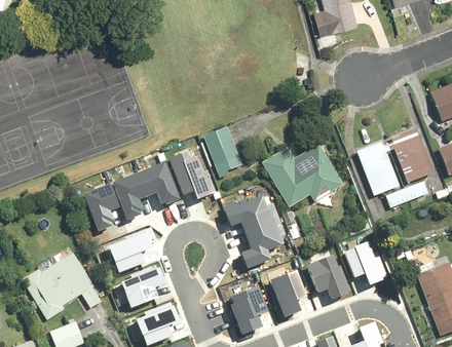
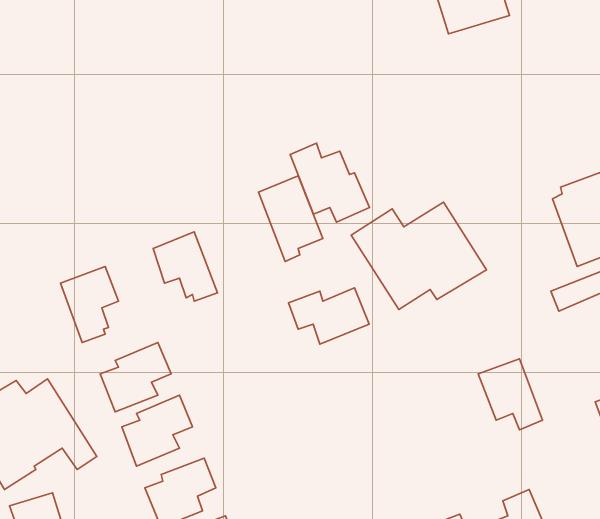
building: [353,140,403,195] -> none
building: [166,151,216,200] -> [290,143,369,222]
building: [110,171,146,219] -> none
building: [238,219,282,265] -> none
building: [305,253,346,297] -> none
building: [269,270,306,314] -> none
building: [230,285,267,332] -> none

